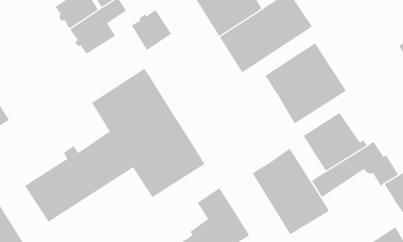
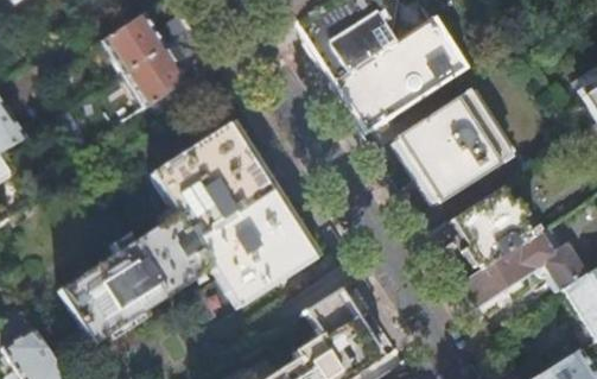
building: [131,9,172,51] -> none
building: [252,148,330,235] -> none

